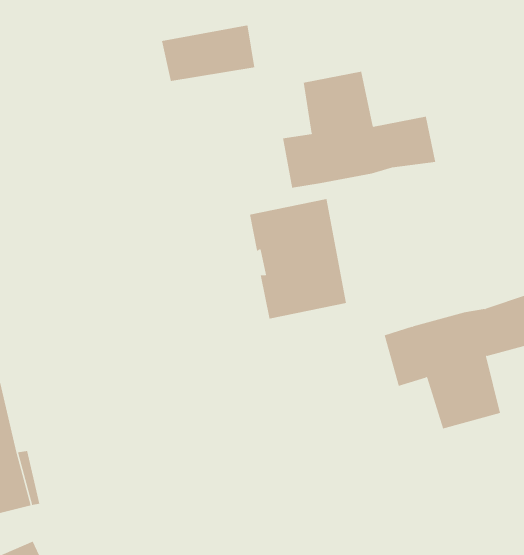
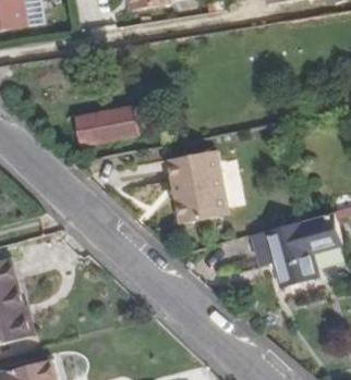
building: [161,25,255,82] -> [76,106,134,140]
building: [282,71,436,188] -> none

